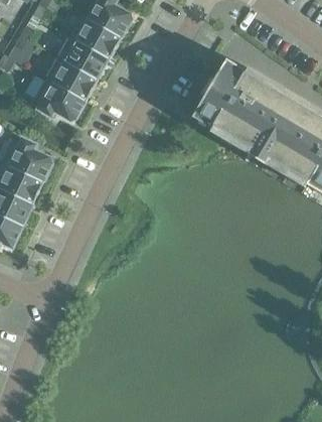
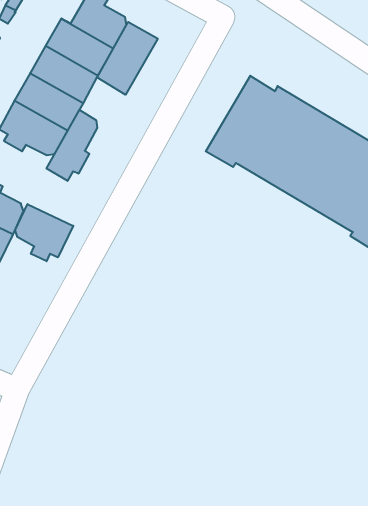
building: none -> [97,22,158,95]
building: none -> [47,110,97,181]
building: none -> [15,204,73,261]

